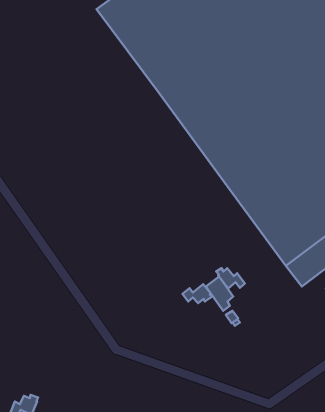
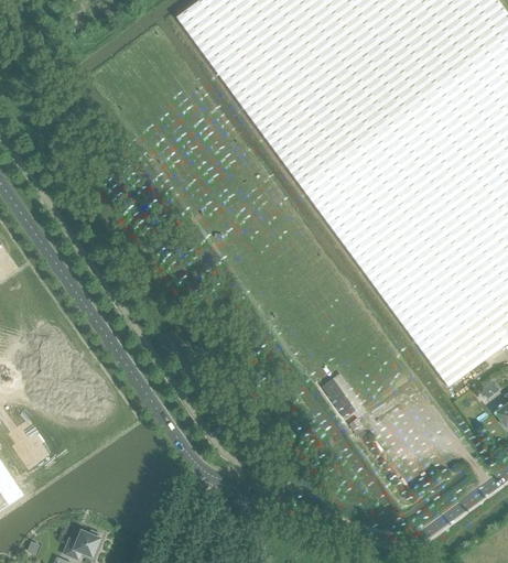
building: [216,268,245,288] -> none
building: [183,284,212,303] -> none

